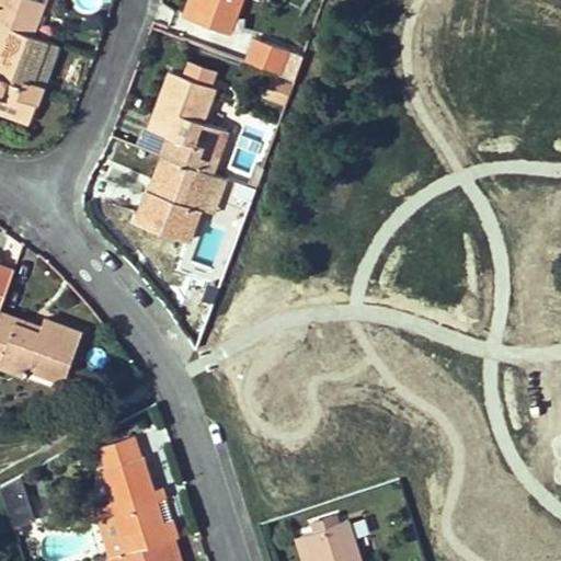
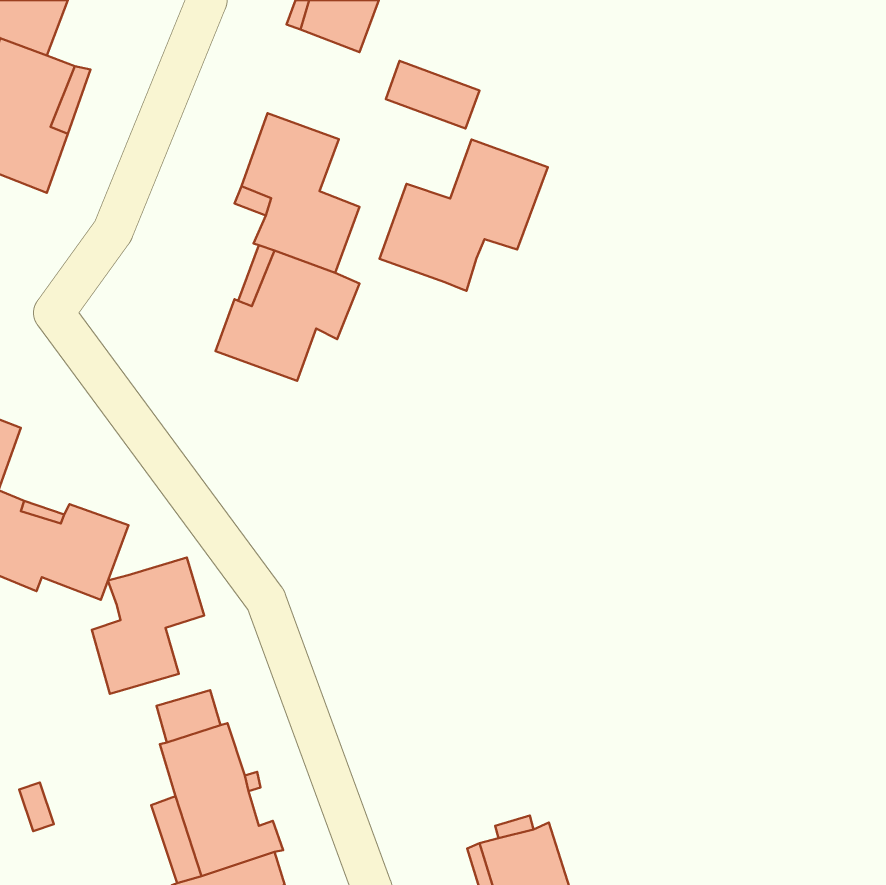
building: none -> [379,139,548,291]
building: none -> [92,558,204,694]

